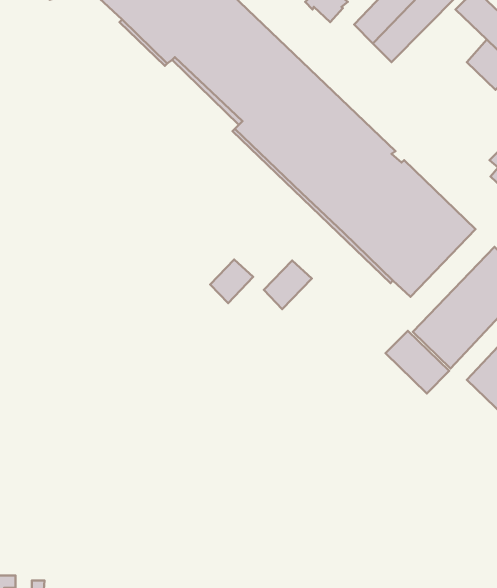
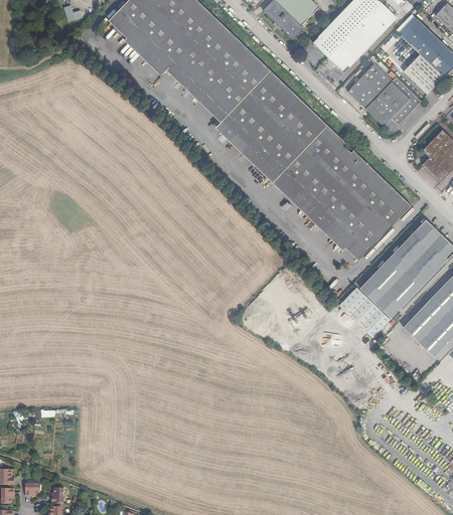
building: none -> [347,63,421,126]
building: [210,260,253,303] -> none
building: [264,260,312,309] -> none

